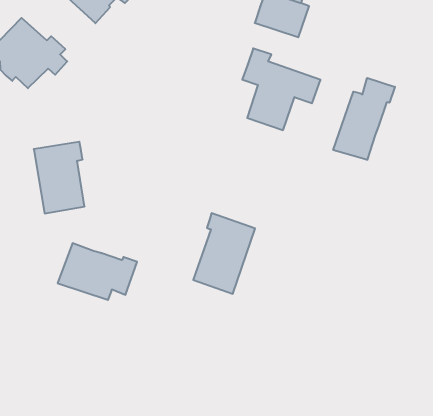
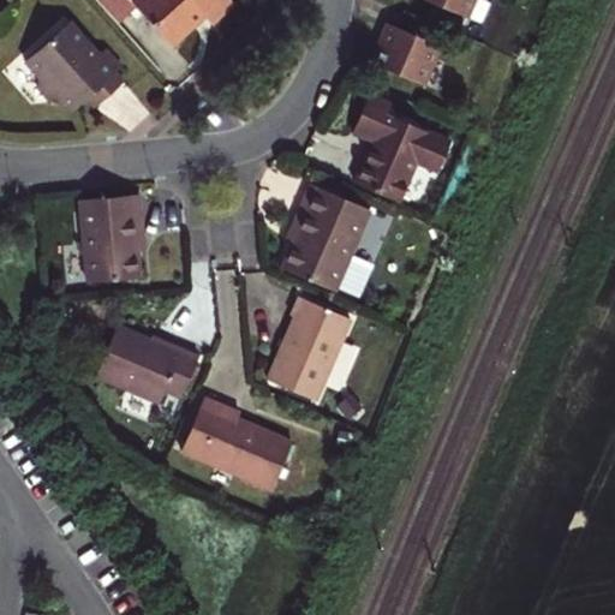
building: [333,78,395,160] -> none
building: none -> [280,187,369,293]
building: none -> [181,392,291,484]

